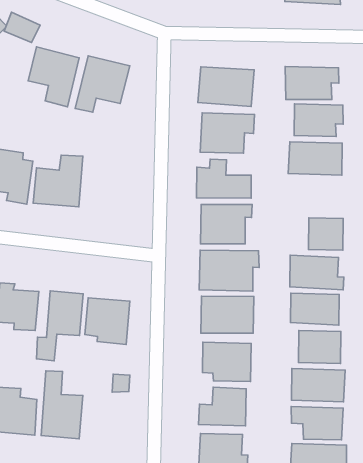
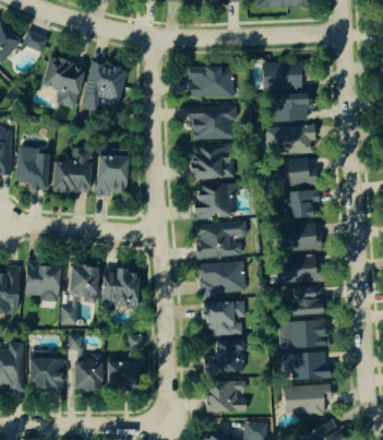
building: none -> [95,155,128,194]
building: none -> [272,158,314,185]
building: none -> [106,361,140,389]

